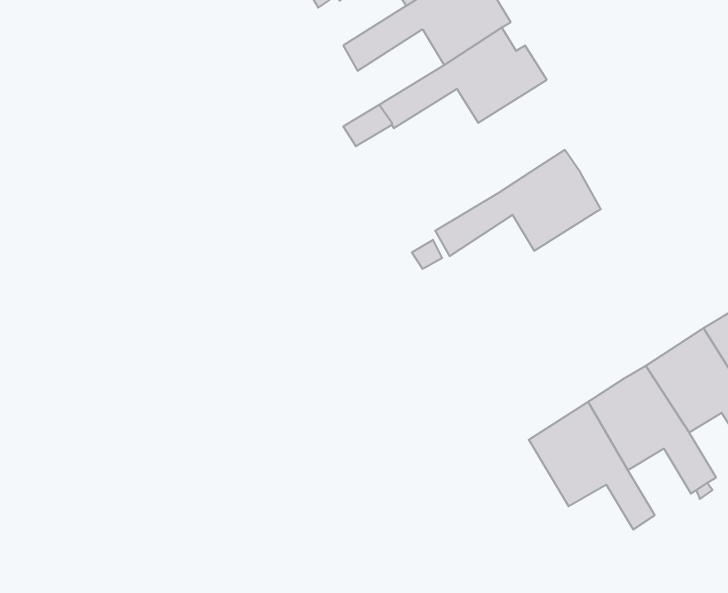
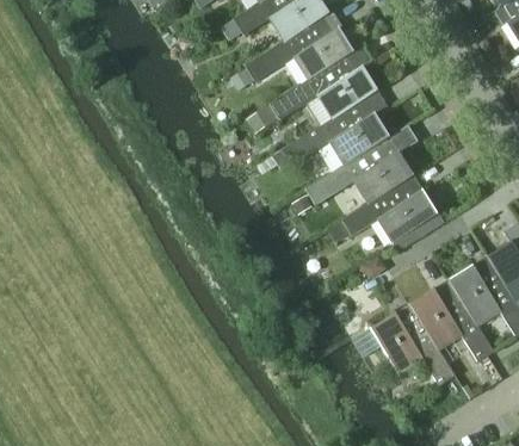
building: none -> [272,107,393,173]
building: none -> [341,175,441,240]

